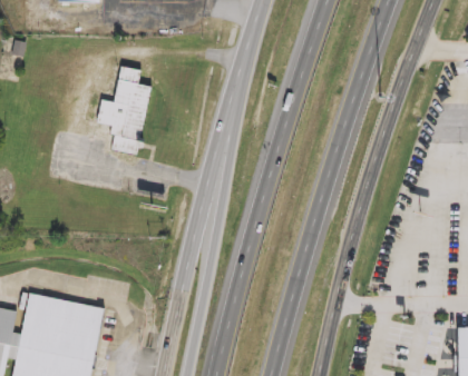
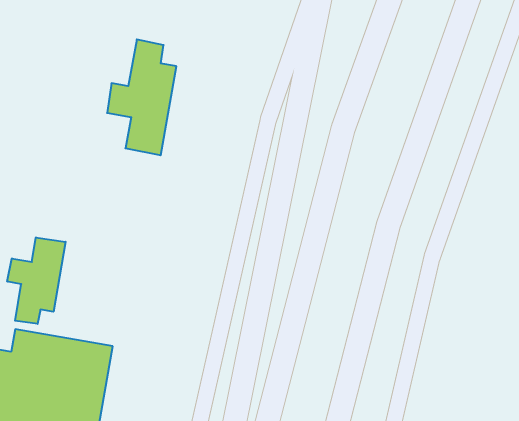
building: none -> [7,237,66,324]

